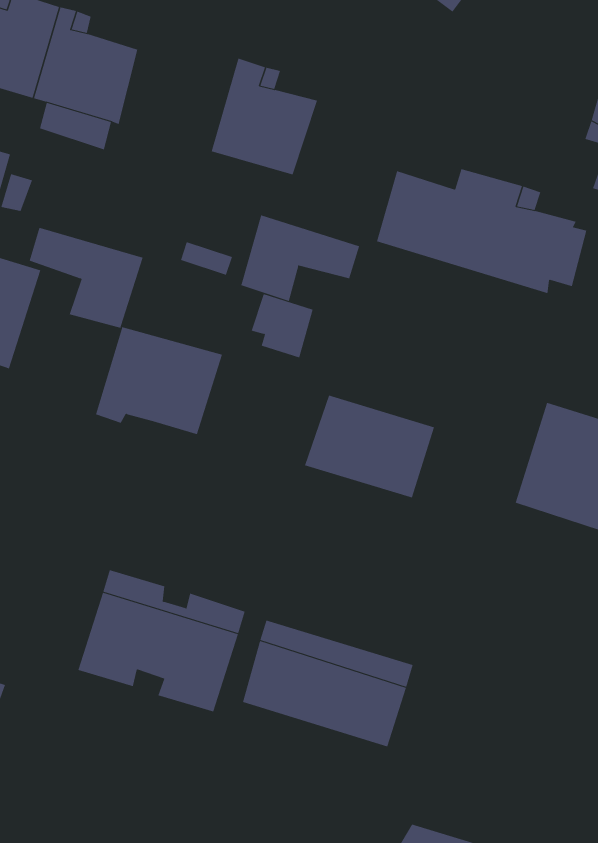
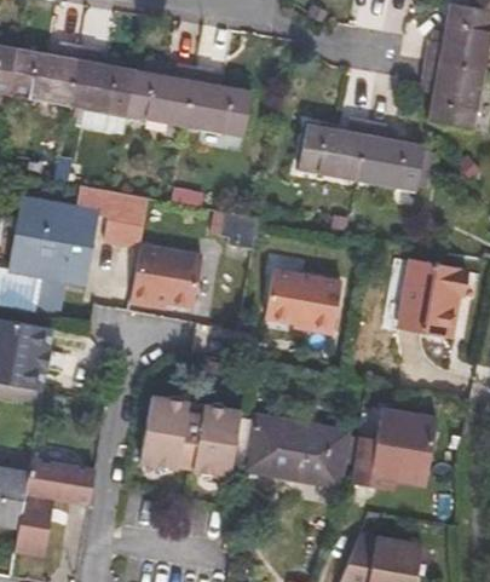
building: none -> [125,63,194,127]
building: [240,215,360,302] -> none
building: none -> [352,407,438,488]

